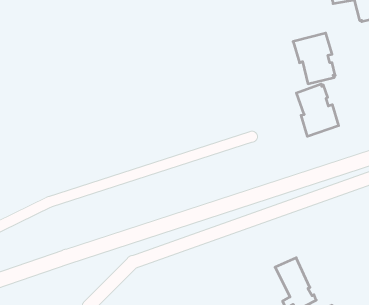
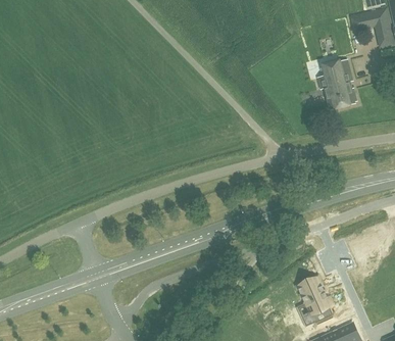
building: [296,84,339,136] -> none

